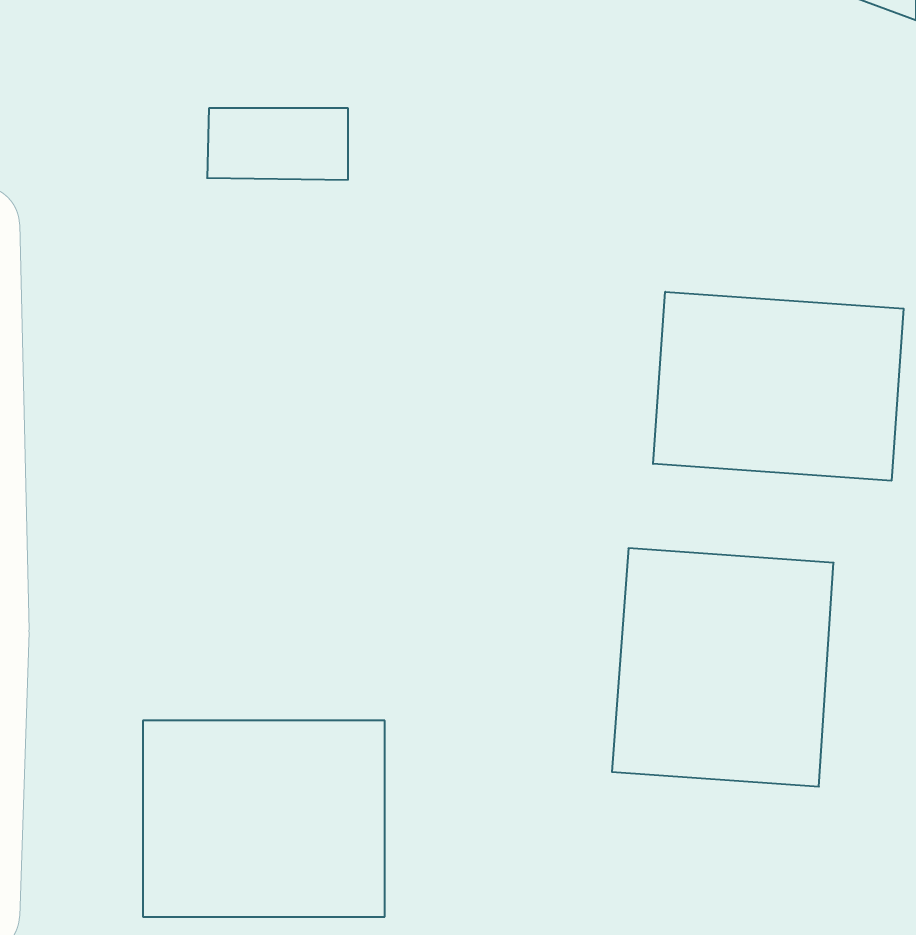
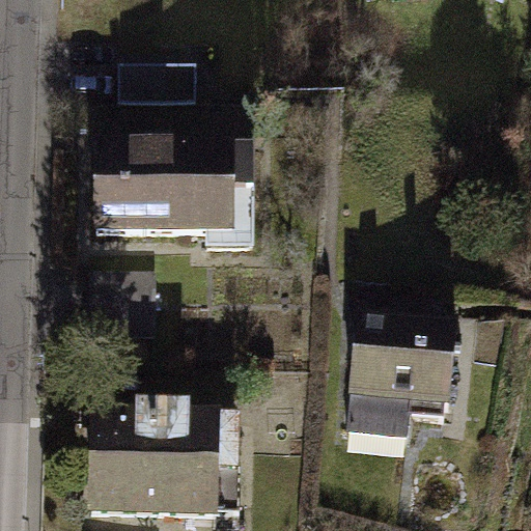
building: none -> [93,119,248,246]
building: [653,292,904,481] -> none

